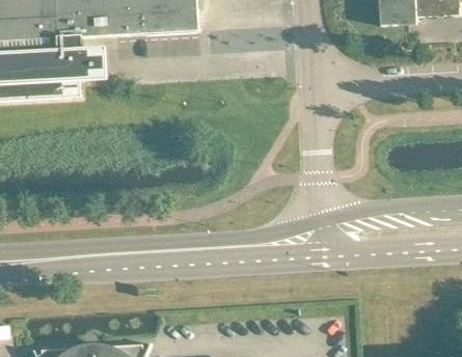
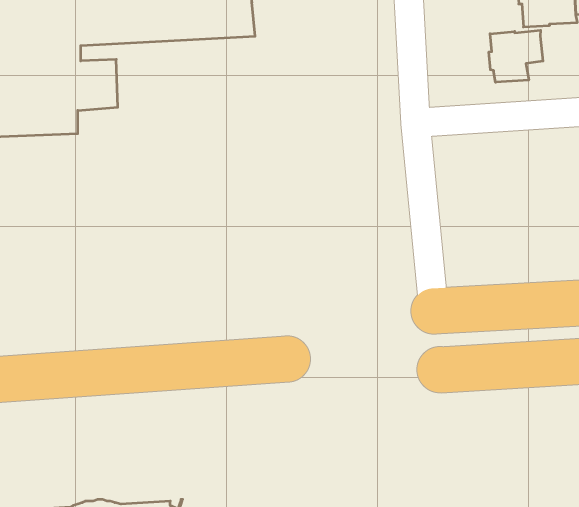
building: none -> [489,30,543,82]

